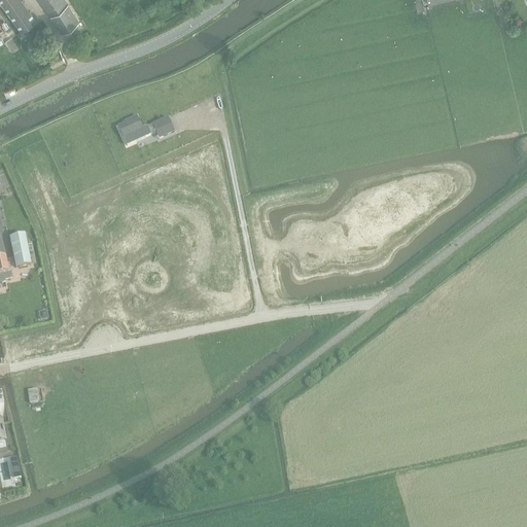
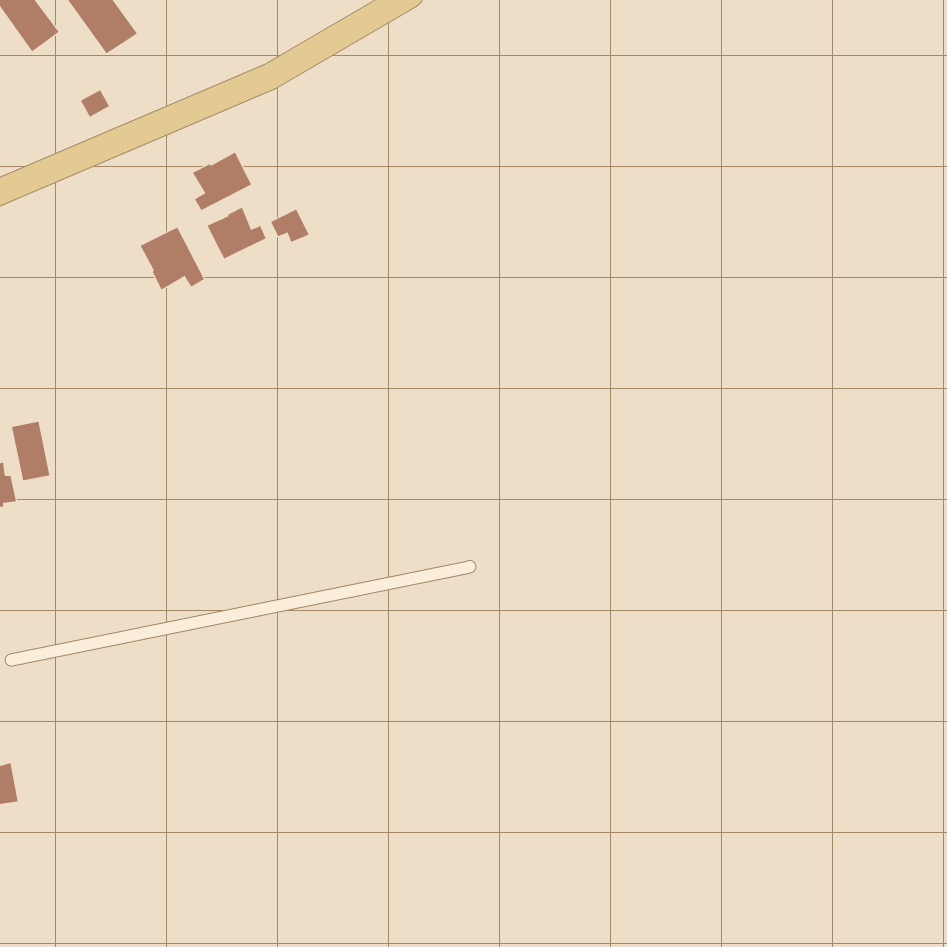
building: none -> [192,152,252,211]
building: none -> [140,227,205,291]

